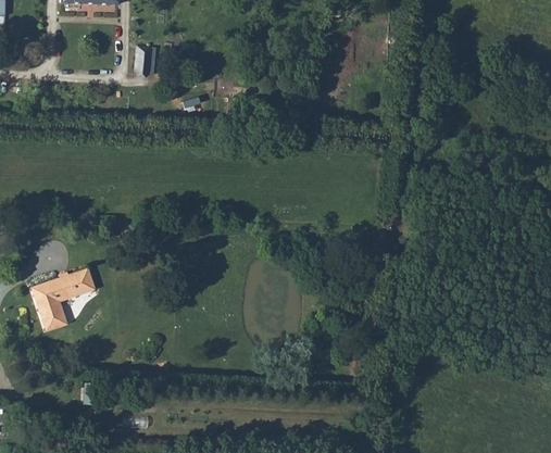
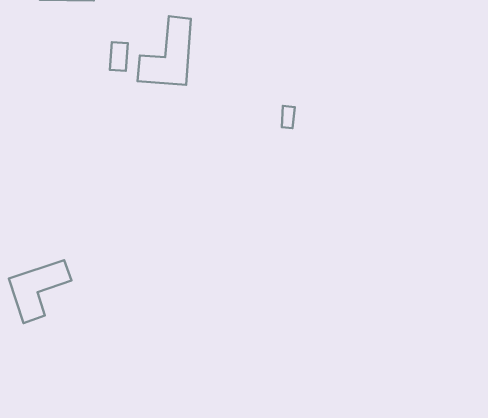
building: none -> [138,16,191,85]

